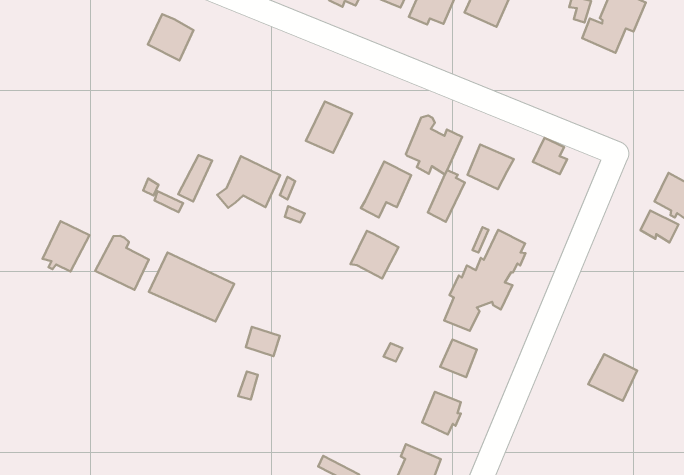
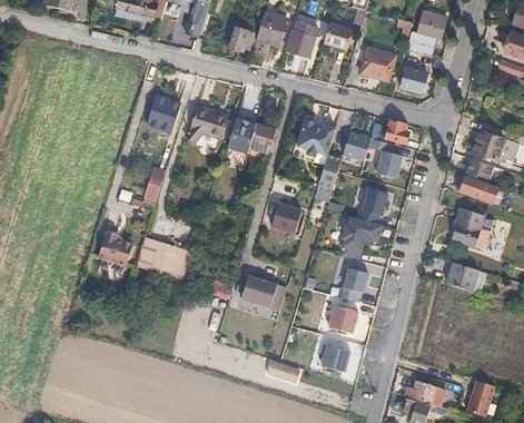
building: [148,14,194,61] -> [149,92,179,122]
building: none -> [362,46,395,80]
building: none -> [401,66,427,91]
building: [217,156,280,208] -> [184,107,225,144]
building: none -> [368,137,402,177]
building: [361,161,411,217] -> [245,122,276,161]
building: [43,221,89,271] -> none
building: none -> [459,175,494,201]
building: none -> [452,209,494,245]
building: none -> [239,274,284,309]

